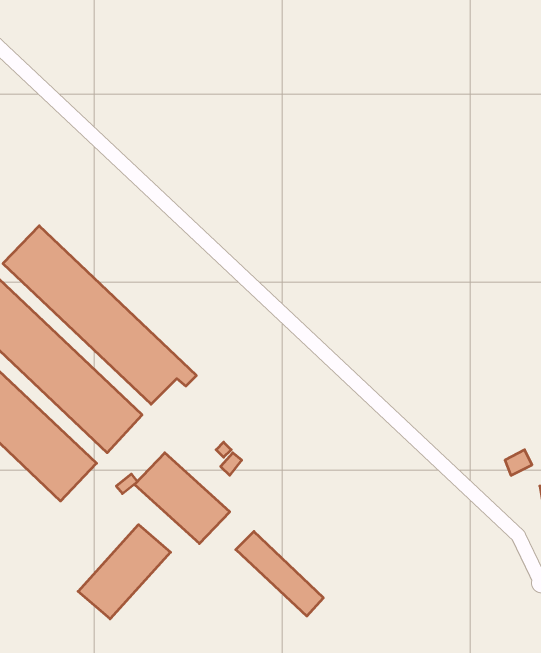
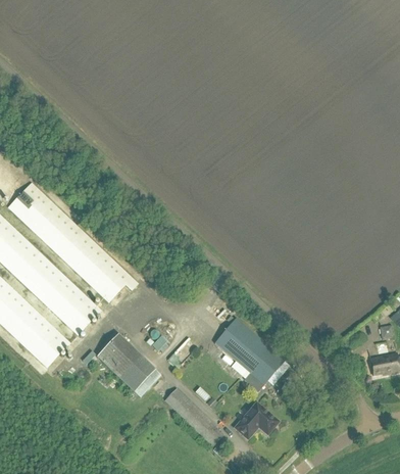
building: none -> [214,318,285,385]
building: [78,525,171,619] -> none
building: none -> [235,402,278,438]

